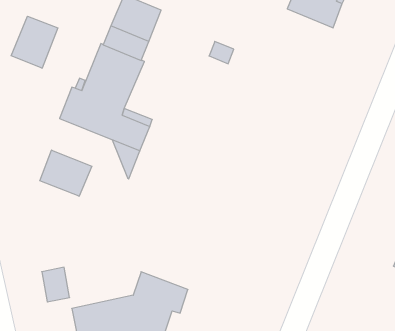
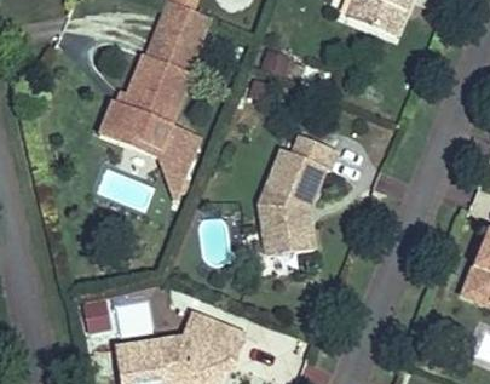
building: [11,16,58,68] -> none
building: none -> [259,134,338,256]
building: [40,150,92,196] -> none

